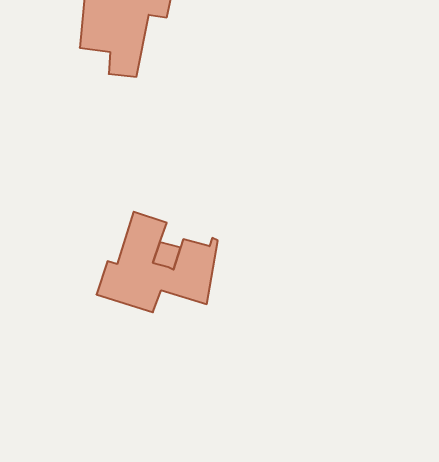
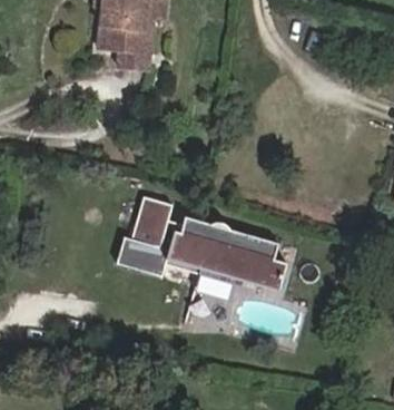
building: none -> [204,216,282,291]

